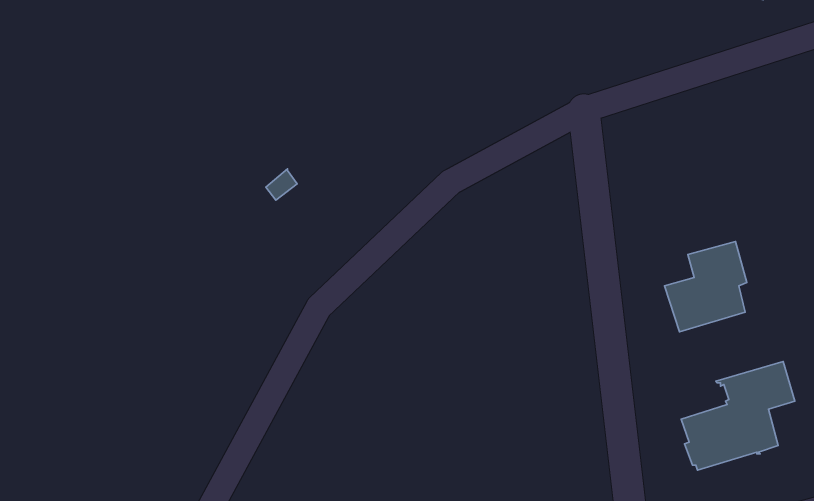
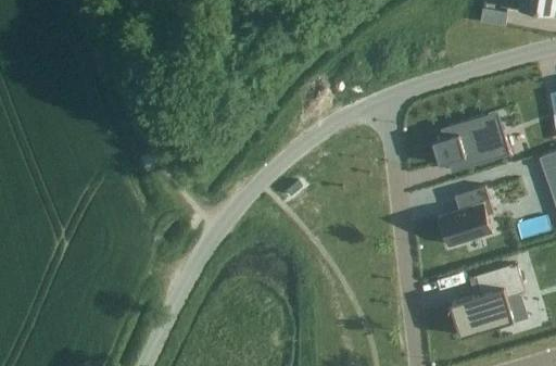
building: none -> [429,112,510,172]

